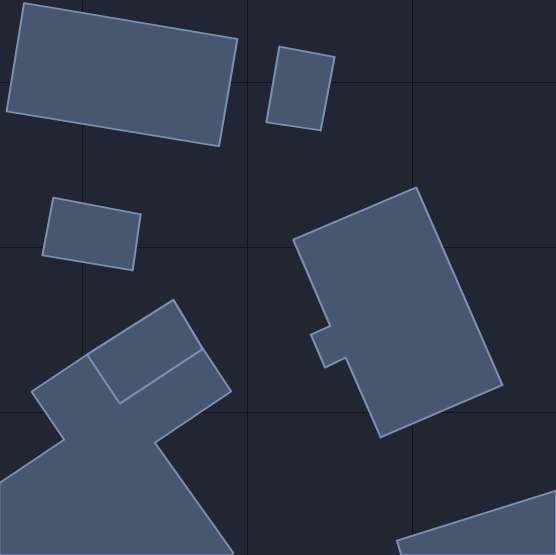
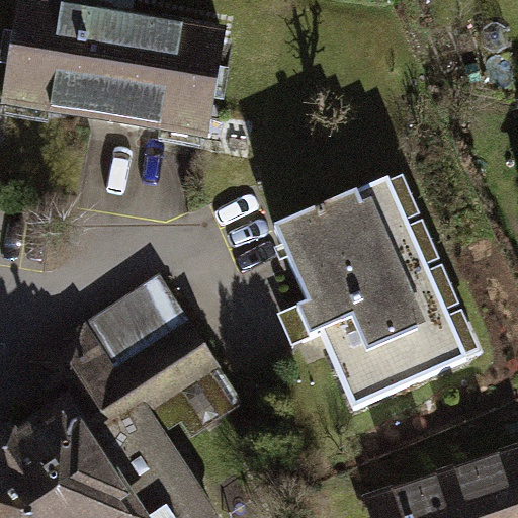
building: [267,46,335,131] -> none
building: [42,198,141,271] -> none

